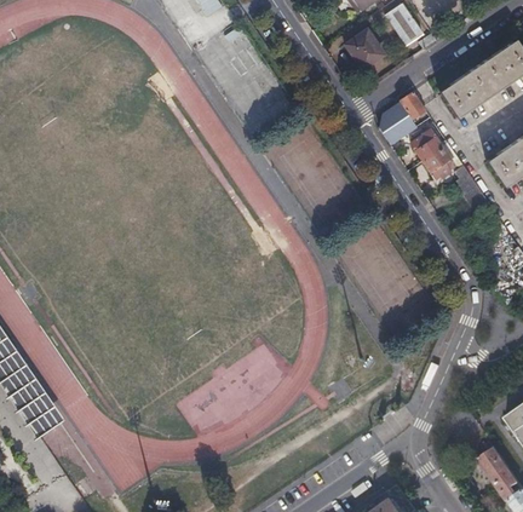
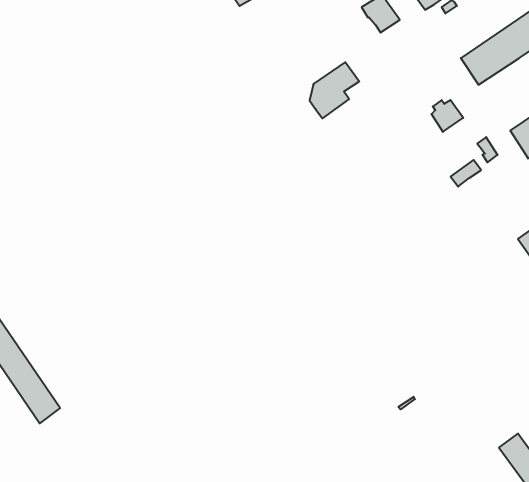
building: [380,92,427,145] -> [310,62,359,118]
building: [424,148,454,179] -> none

